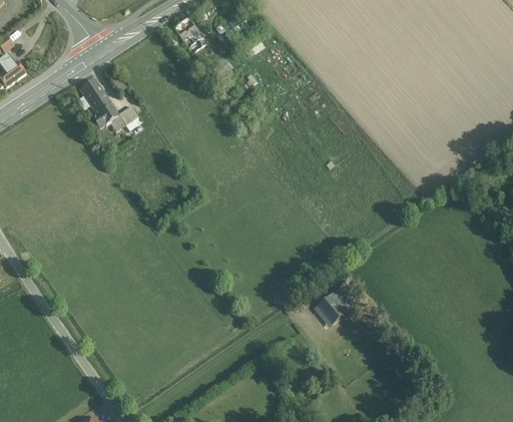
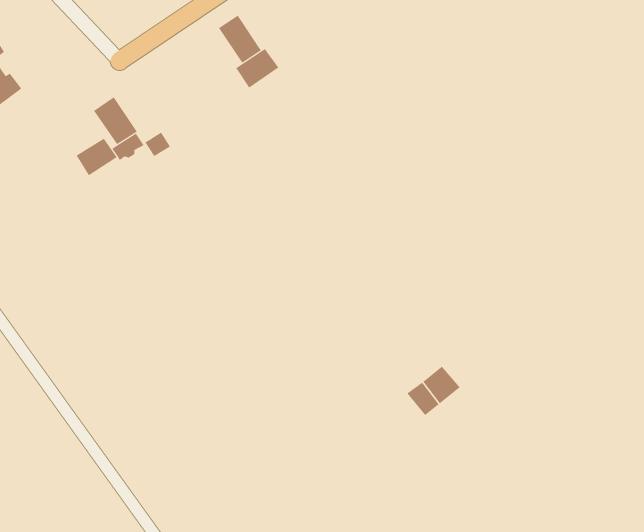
building: none -> [235,48,279,88]
building: none -> [76,138,117,176]

